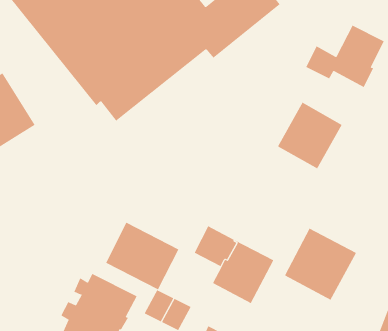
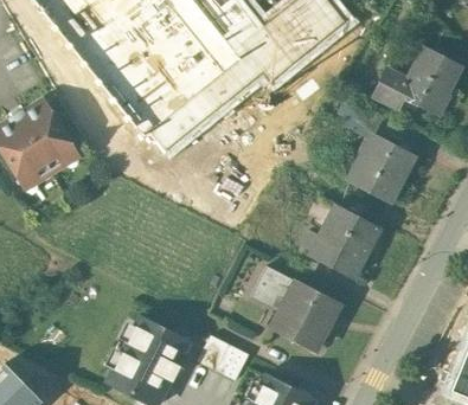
building: [105,222,179,290] -> none
building: [284,228,357,301] -> [307,197,386,276]

